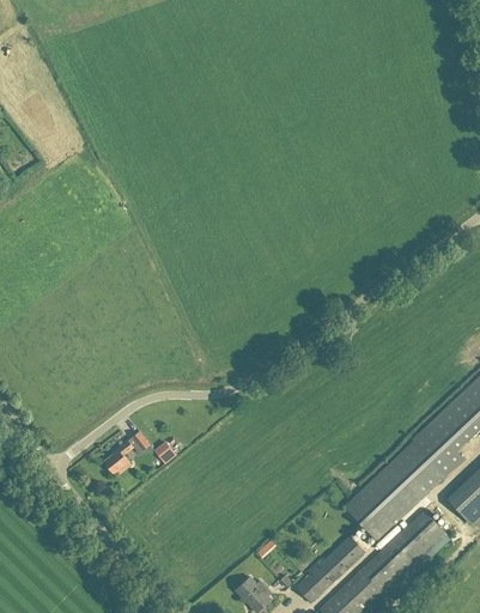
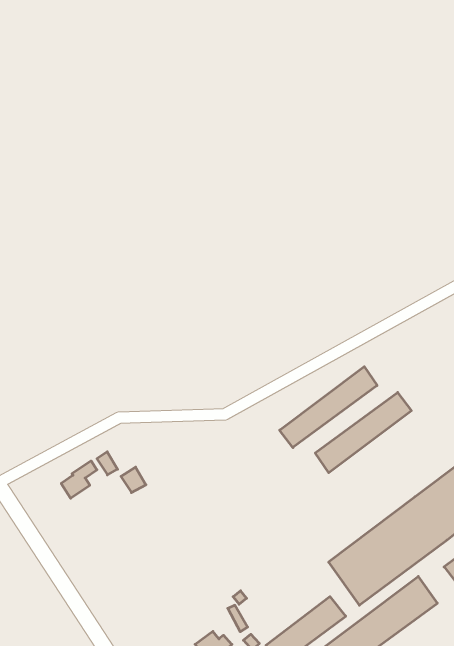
building: none -> [280,367,377,448]
building: none -> [315,392,411,473]

